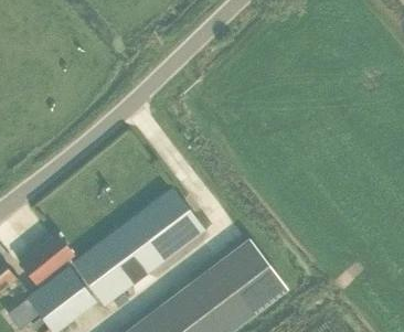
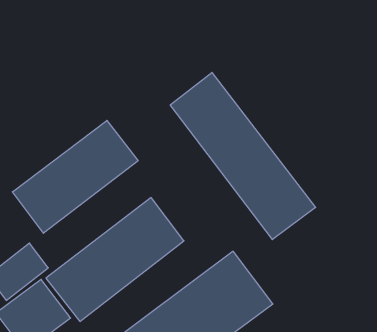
building: none -> [170,72,316,240]
building: none -> [12,120,138,233]

